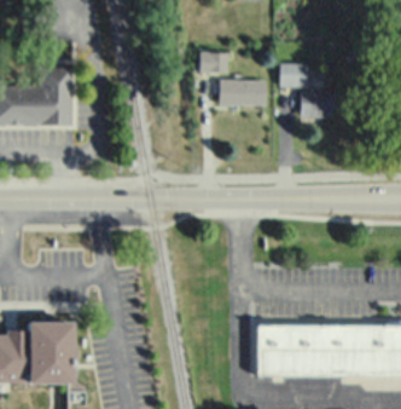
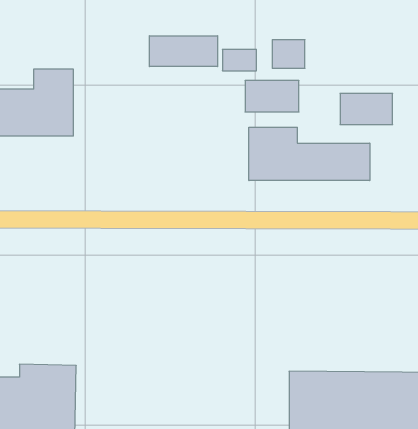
building: none -> [149,36,218,67]
building: [280,62,308,86] -> [272,40,305,68]
building: none -> [249,127,370,181]

